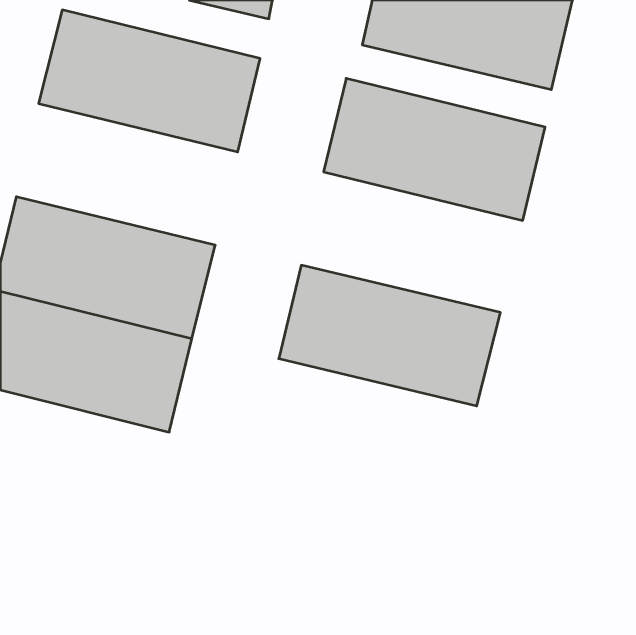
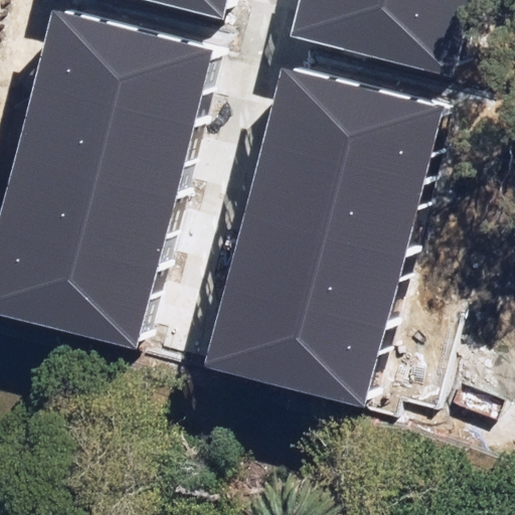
building: none -> [13,84,192,199]
building: none -> [243,140,422,253]
building: none -> [206,291,385,404]

